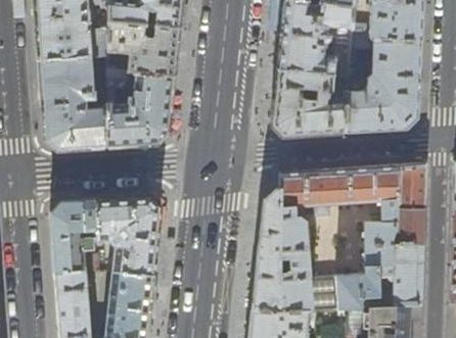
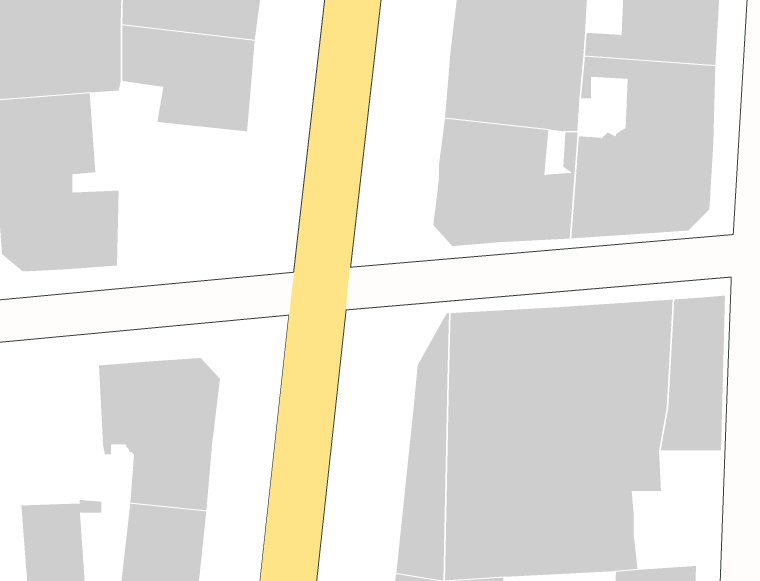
building: [104,73,173,150] -> none
building: [48,202,96,276] -> none
building: [375,247,422,309] -> none

